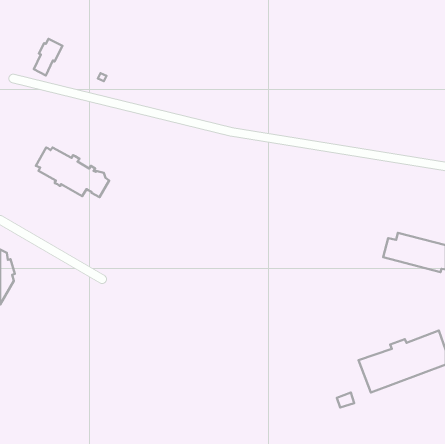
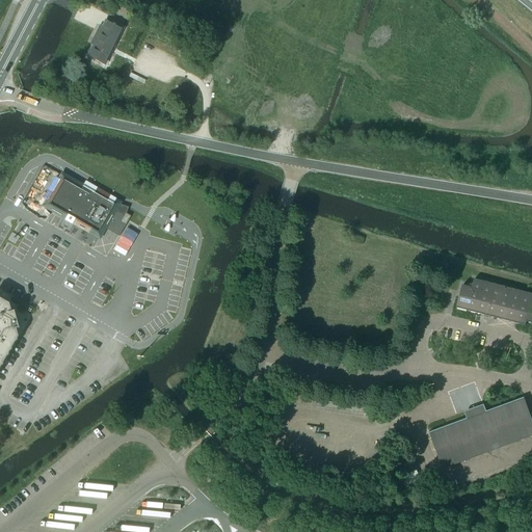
building: [34,39,62,75] -> [88,19,123,62]

